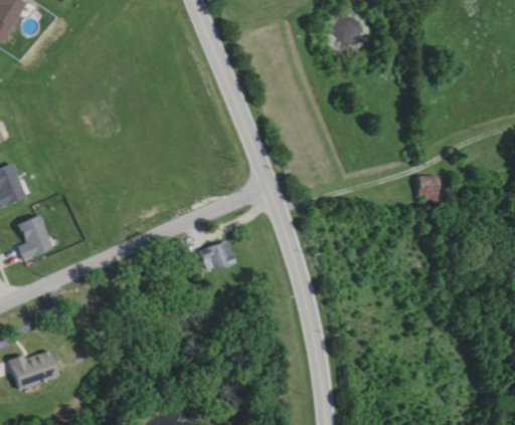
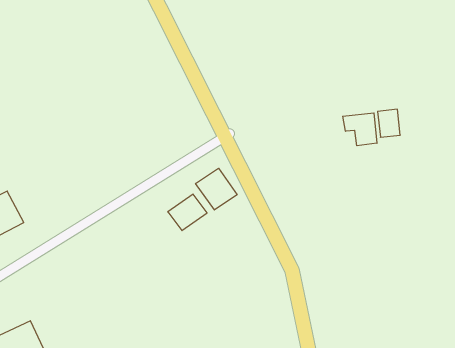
building: none -> [343,113,377,146]
building: none -> [196,168,237,210]

